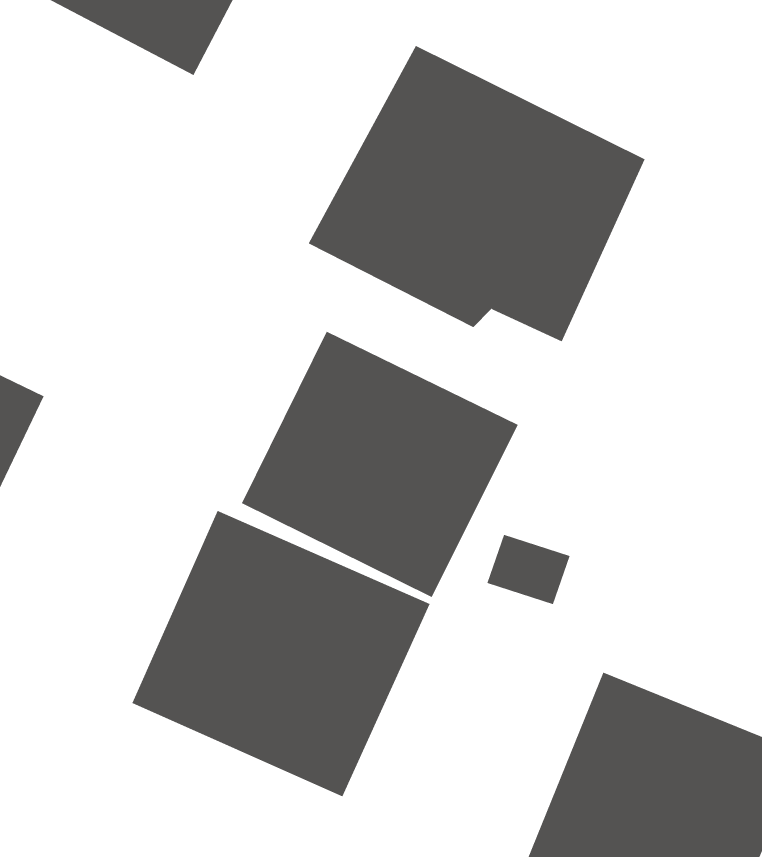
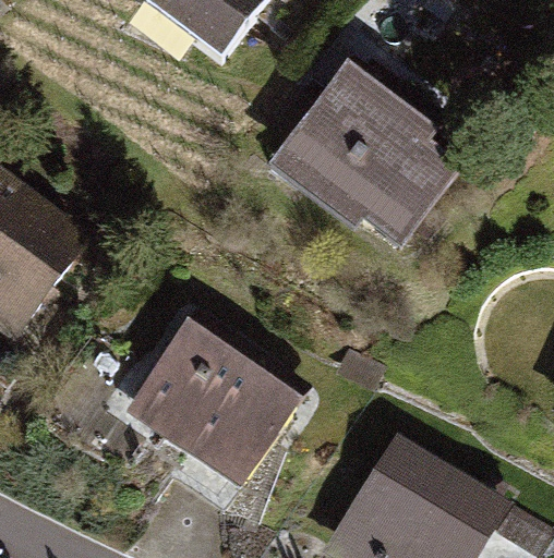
building: [241,331,519,598] -> none

